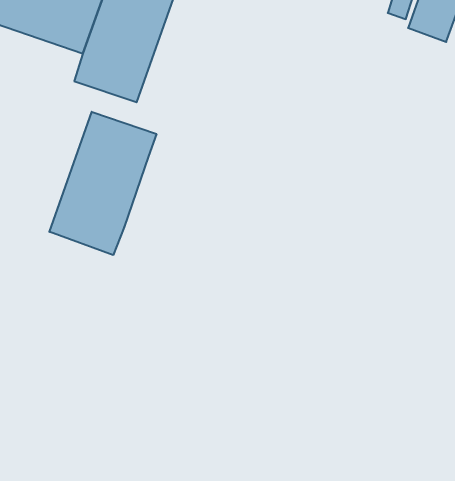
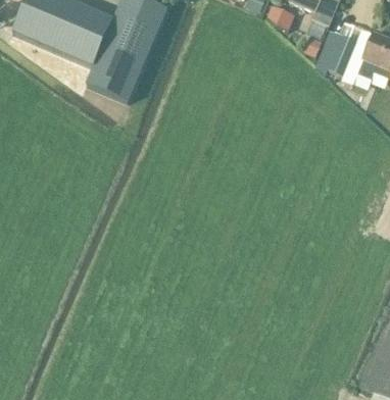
building: [49,112,156,255] -> none

